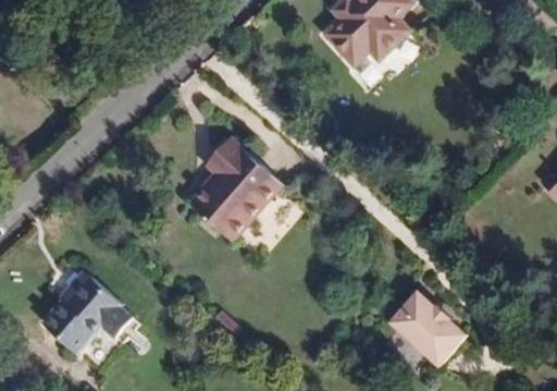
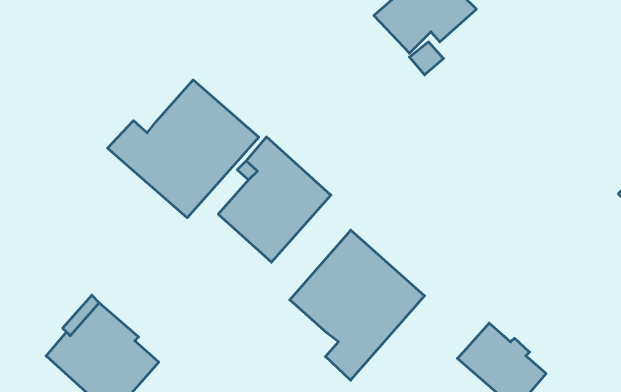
building: none -> [108,80,259,218]
building: none -> [290,230,425,380]

